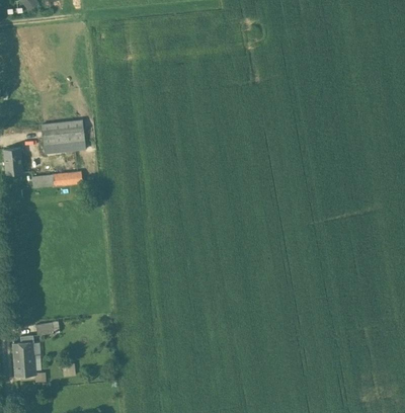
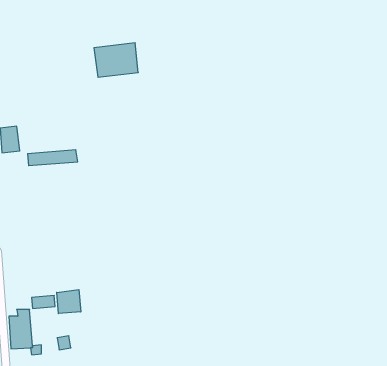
building: [40,119,86,155] -> [94,43,138,77]
building: none -> [57,290,81,314]

